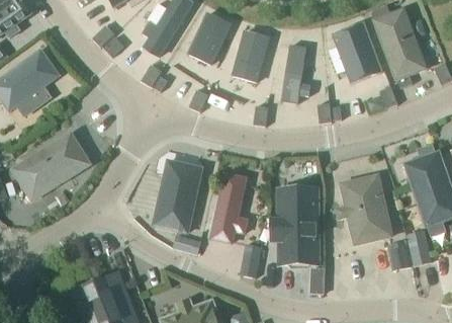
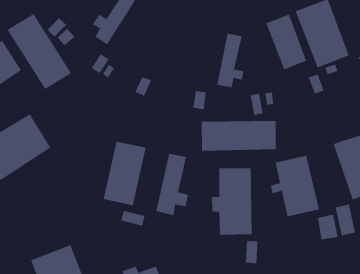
building: [188,13,230,64] -> none
building: none -> [7,13,72,90]
building: [231,27,268,82] -> none
building: none -> [201,120,276,151]
building: [240,244,262,278] -> none

